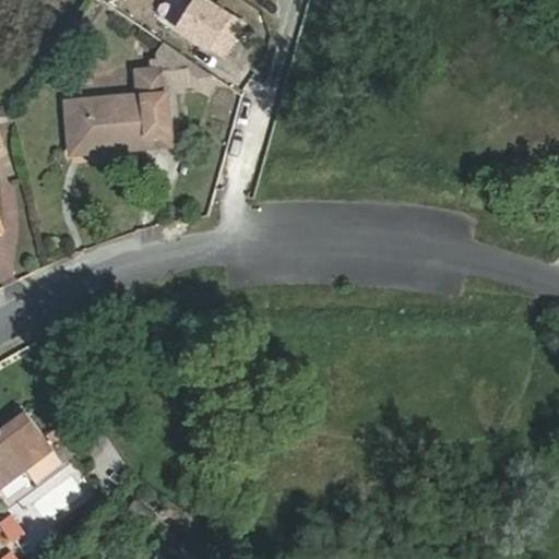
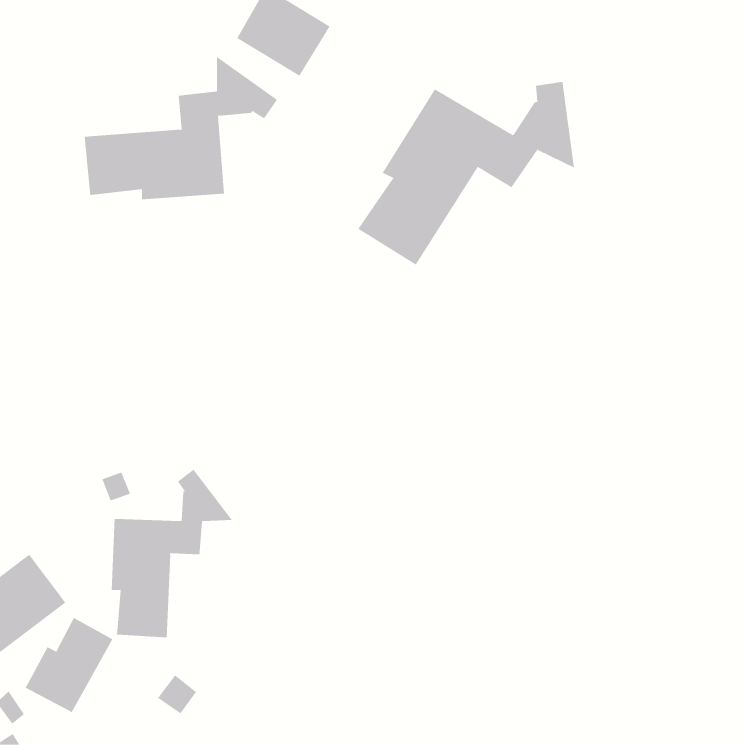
building: none -> [358,81,575,265]
building: none -> [111,469,233,638]

